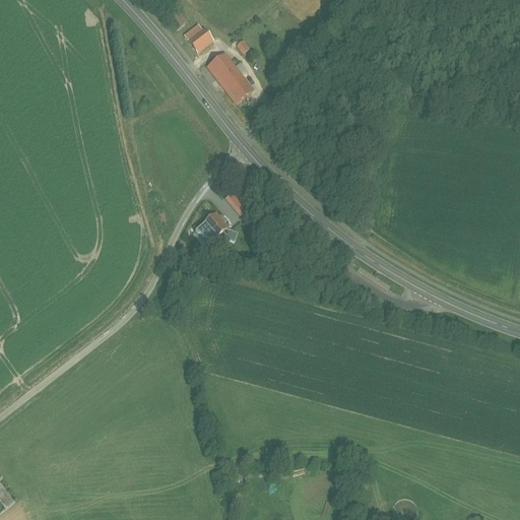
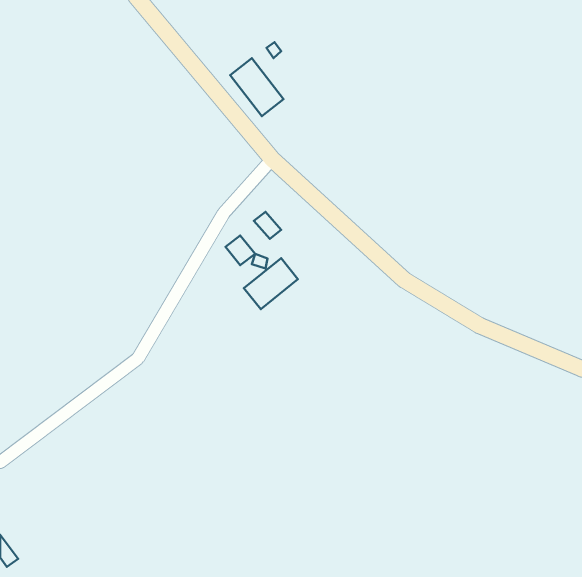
building: [183,21,213,52] -> none
building: none -> [244,258,298,309]

